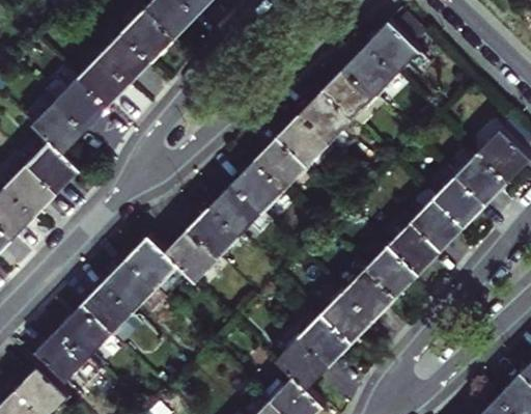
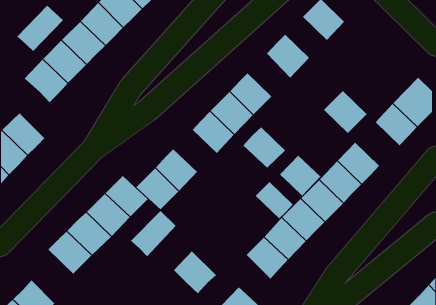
building: none -> [17,5,64,52]
building: [346,48,397,98] -> none
building: [301,92,353,144] -> none
building: [24,139,79,195] -> none
building: [431,175,485,228] -> [323,90,368,134]
building: [211,185,263,236] -> [242,127,286,169]
building: none -> [279,155,321,196]
building: none -> [255,181,293,219]
building: none -> [130,210,176,257]
building: [35,330,89,383] -> none
building: [276,336,329,389] -> [173,250,217,294]

